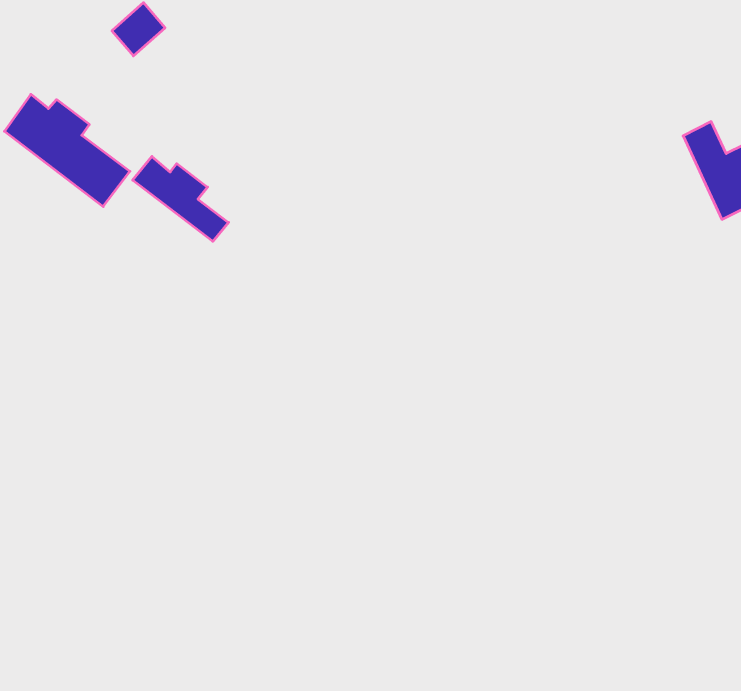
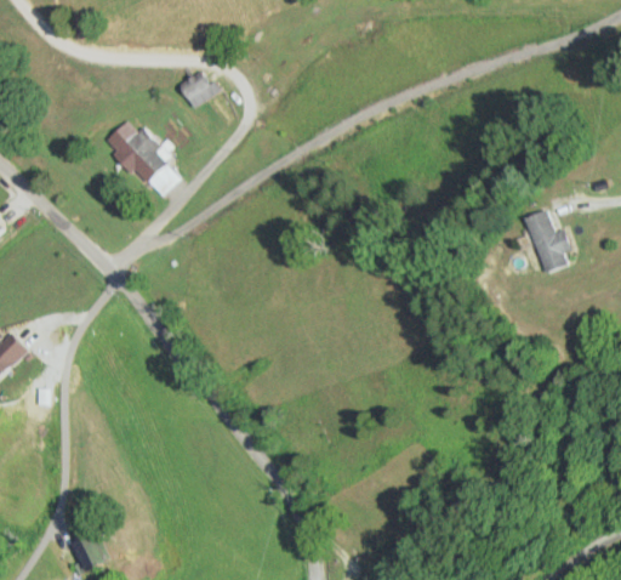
building: [133,156,229,241] -> none

